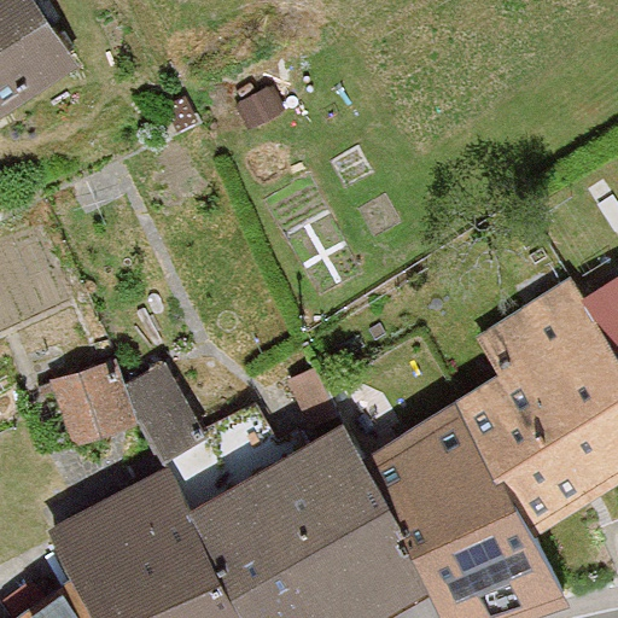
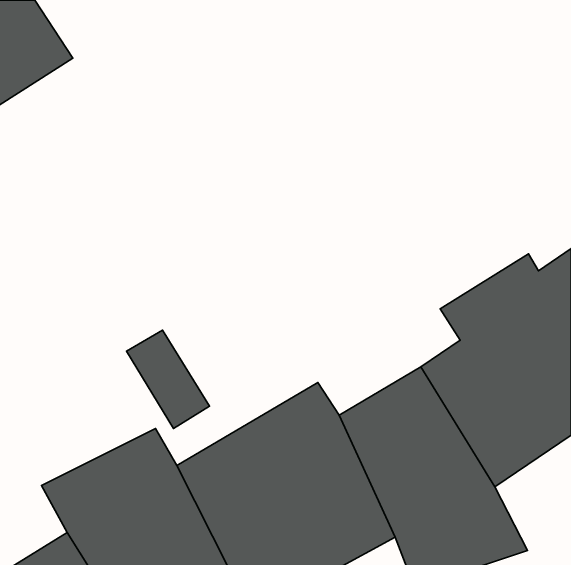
building: [53,362,153,461] -> none

